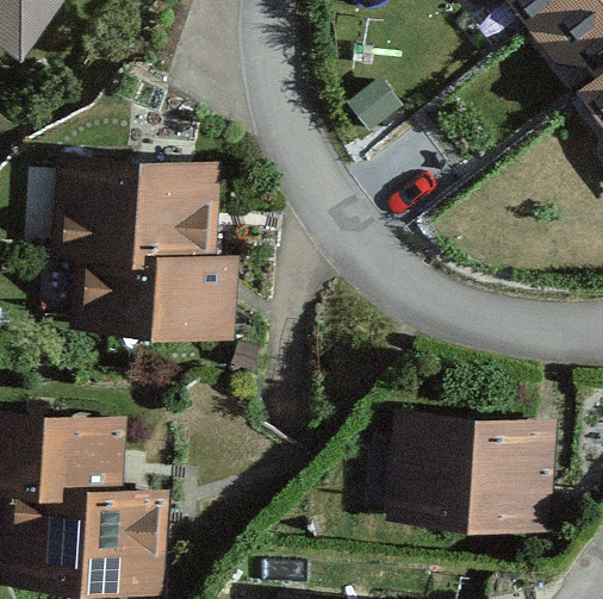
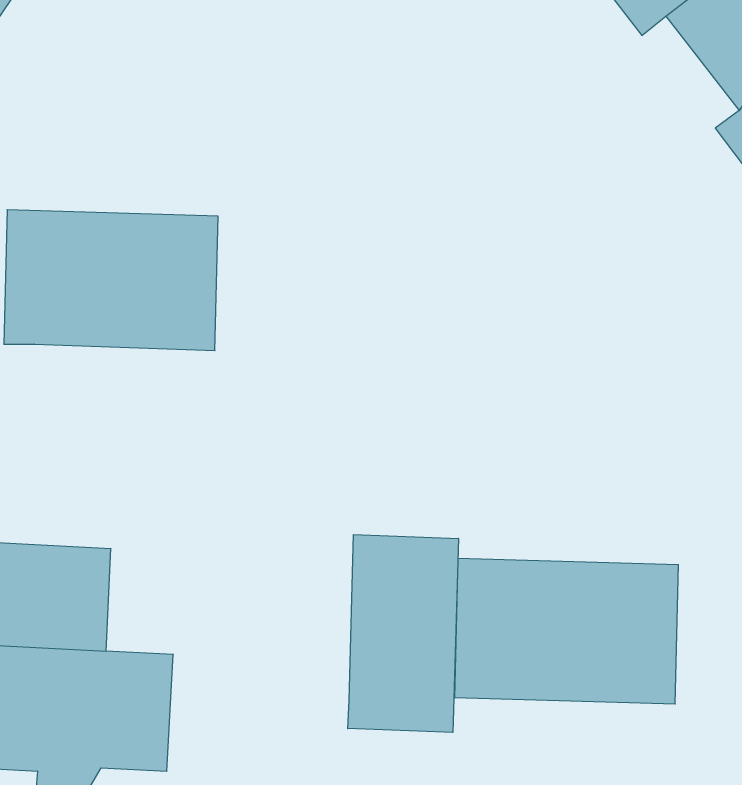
building: [72,262,240,349] -> none
building: none -> [348,535,458,732]

